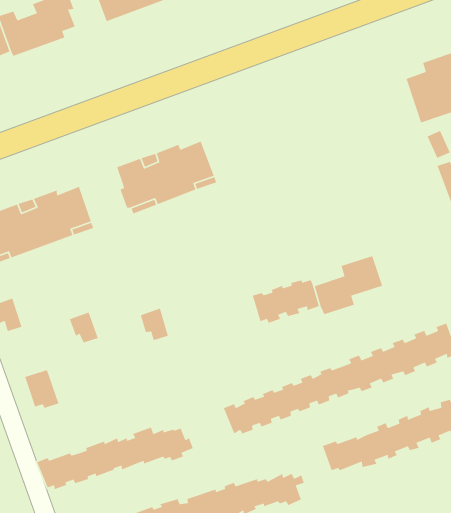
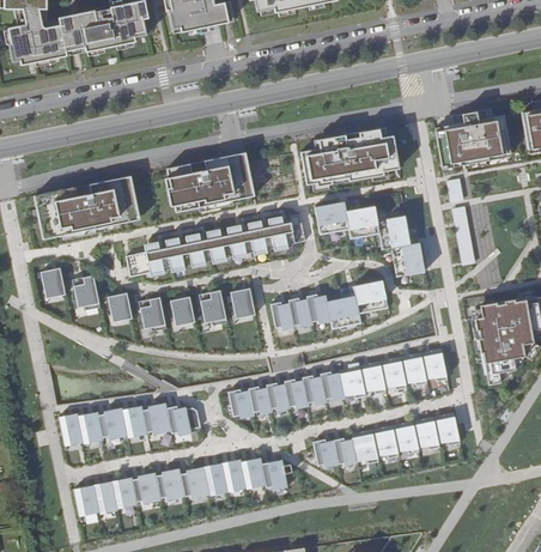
building: none -> [302,126,400,186]
building: none -> [316,200,425,275]
building: none -> [126,219,306,275]
building: none -> [229,292,255,321]
building: none -> [199,293,223,327]
building: none -> [136,296,163,329]
building: [24,369,59,409] -> [71,277,98,311]

